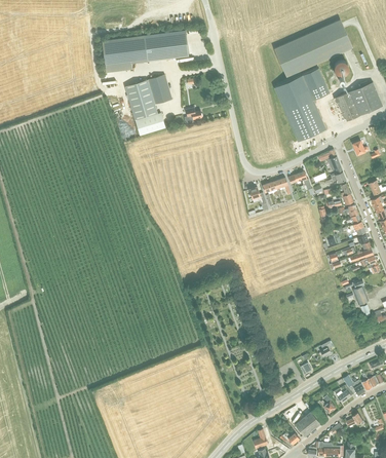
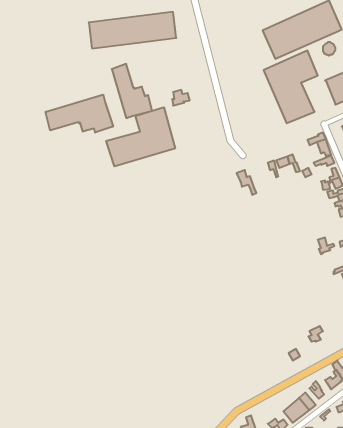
building: [140,75,171,107] -> none
building: none -> [46,95,113,133]
building: none -> [106,107,175,166]

